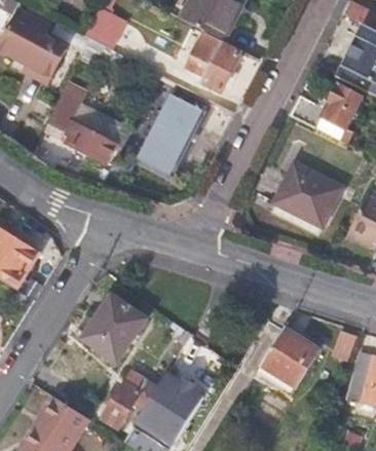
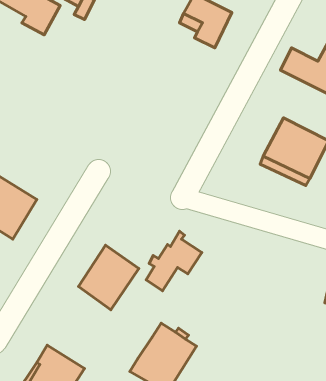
building: [47,92,117,163] -> none
building: [139,96,198,172] -> none
building: [263,327,321,384] -> none
building: [104,366,160,426] -> [146,231,202,291]

